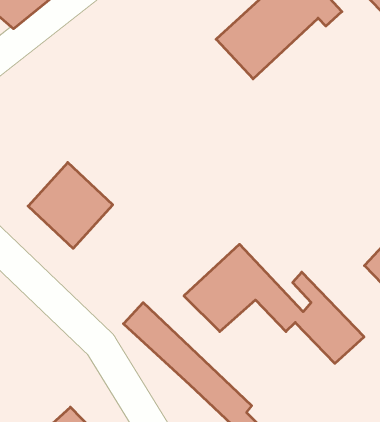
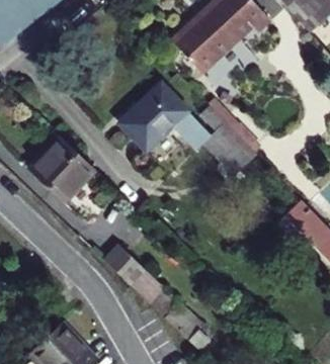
building: [184,244,364,363] -> [118,83,256,174]

